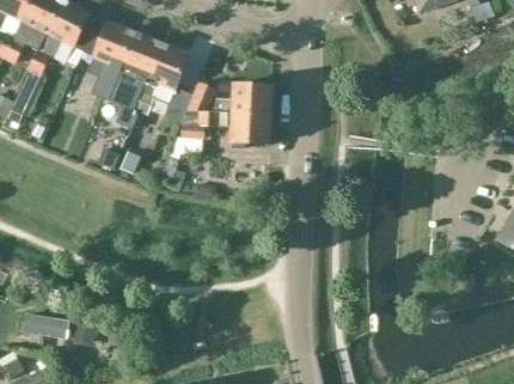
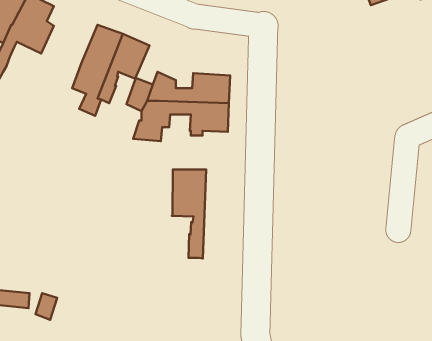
building: [87,22,135,98] -> none
building: none -> [172,170,206,258]

